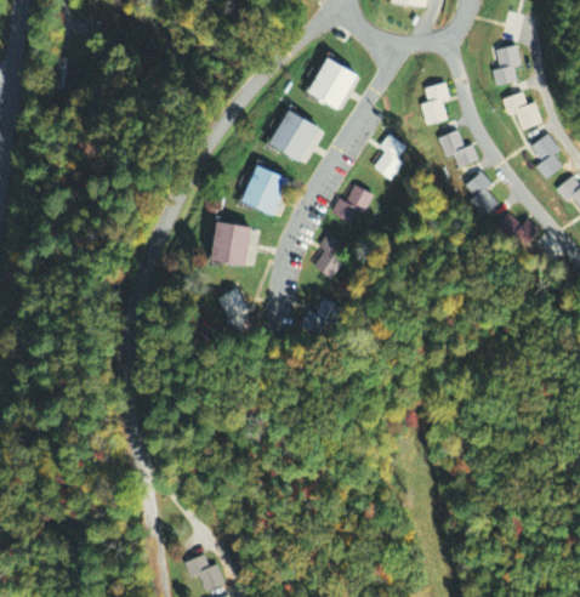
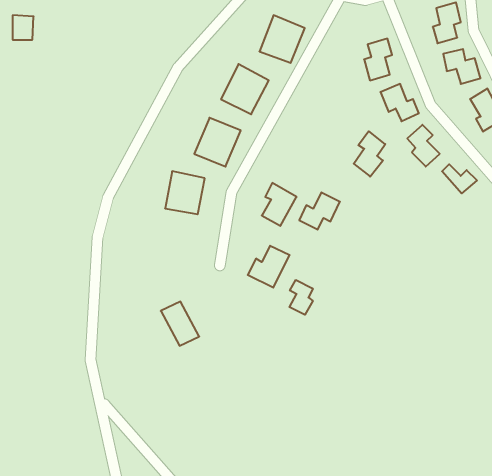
building: [371,132,404,180] -> [354,131,385,177]
building: [330,183,373,222] -> [299,192,340,230]
building: [216,288,256,334] -> [161,302,199,346]
building: none -> [289,280,313,315]

